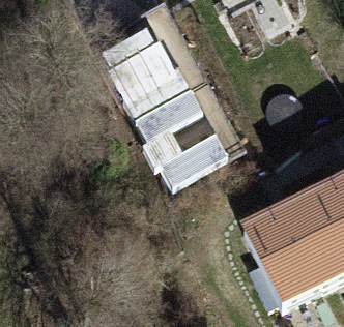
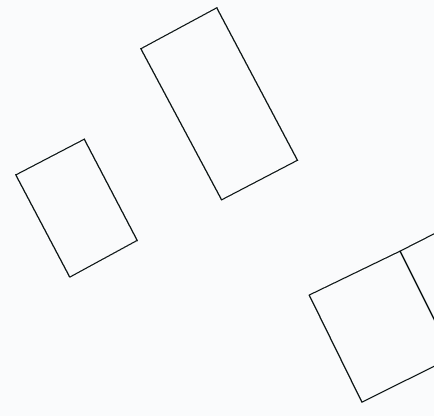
building: none -> [16,139,137,277]

